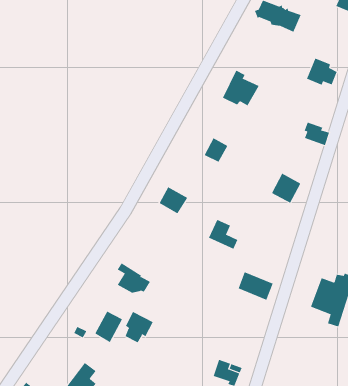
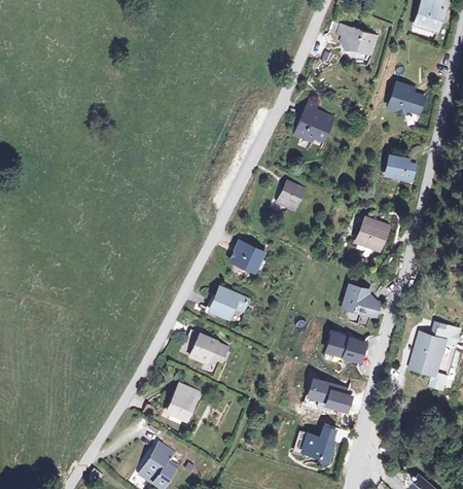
building: [208,219,238,250] -> [345,285,379,318]
building: none -> [215,289,243,320]
building: none -> [304,376,358,418]
building: [125,311,154,343] -> none

